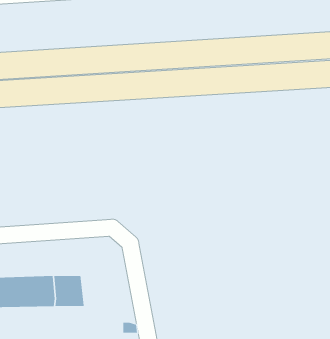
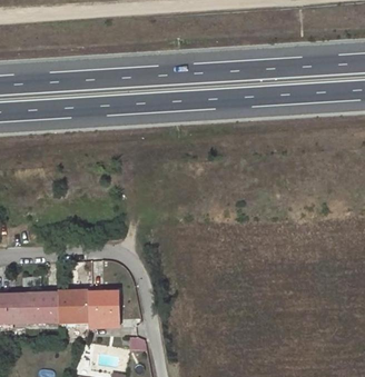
building: none -> [89,290,119,323]

